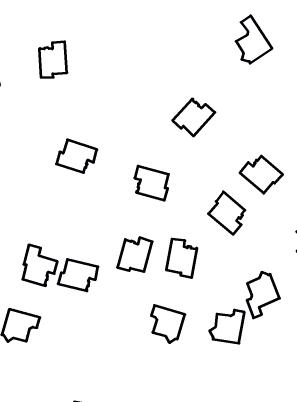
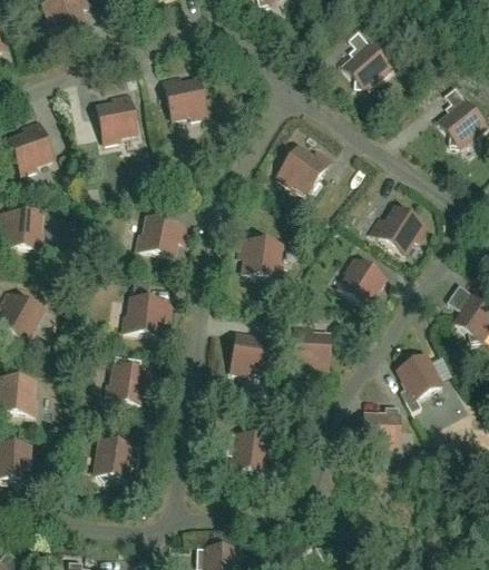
building: none -> [164,73,206,117]
building: [58,259,98,291] -> [123,296,170,333]
building: [151,305,185,343] -> [227,431,270,475]

